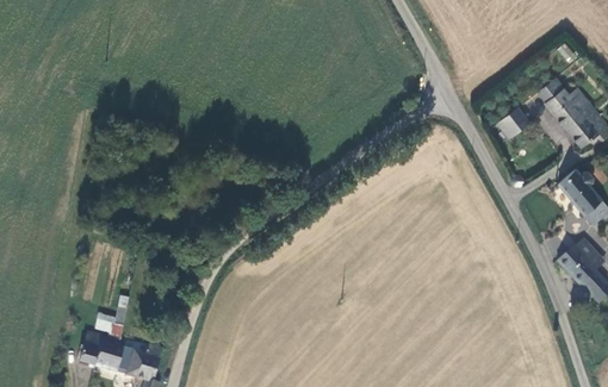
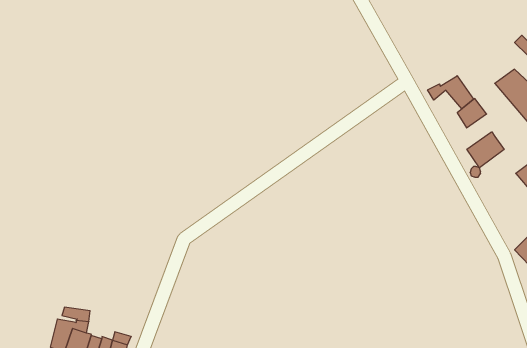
building: none -> [428,76,474,109]
building: none -> [467,132,504,168]

